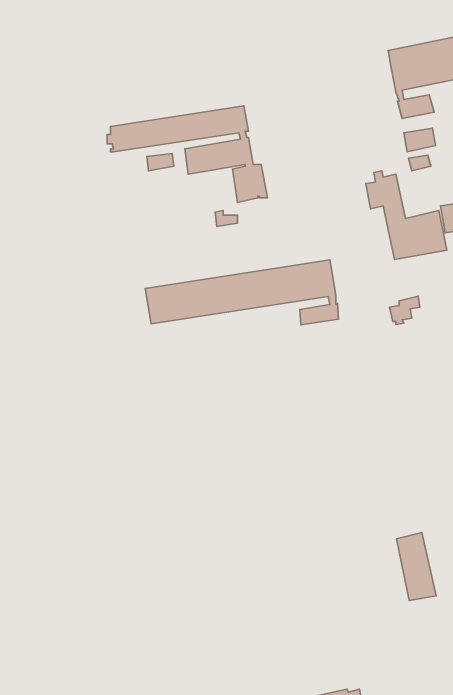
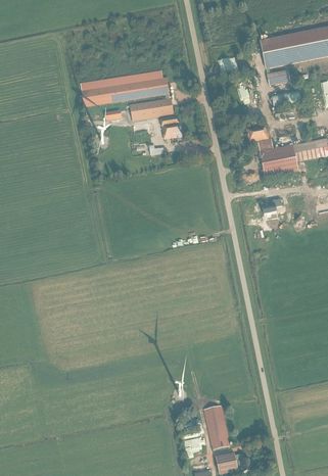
building: [145,260,339,325] -> none
building: [397,532,436,601] -> [204,404,230,448]

